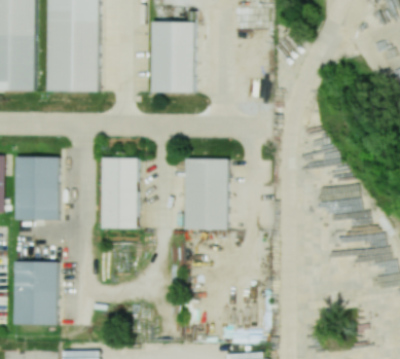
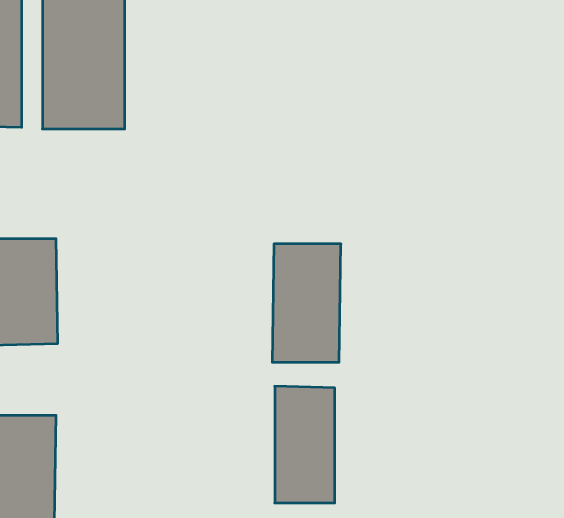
building: [152,20,196,92] -> none
building: [101,157,137,227] -> [275,386,335,503]

